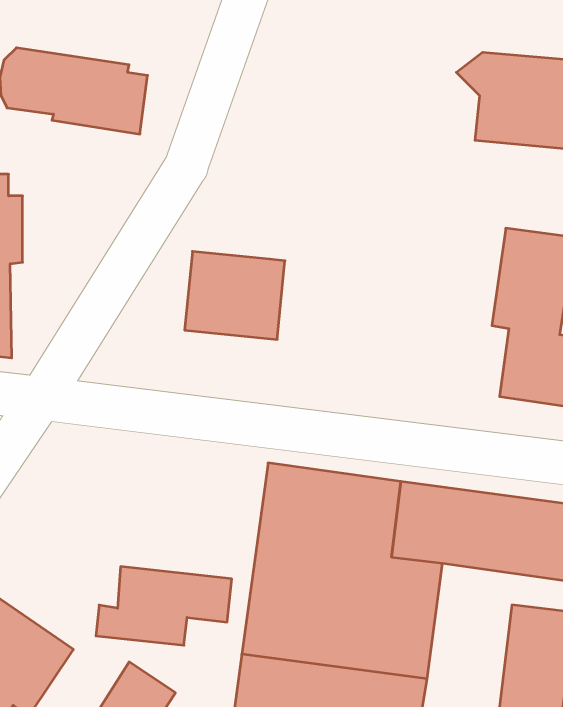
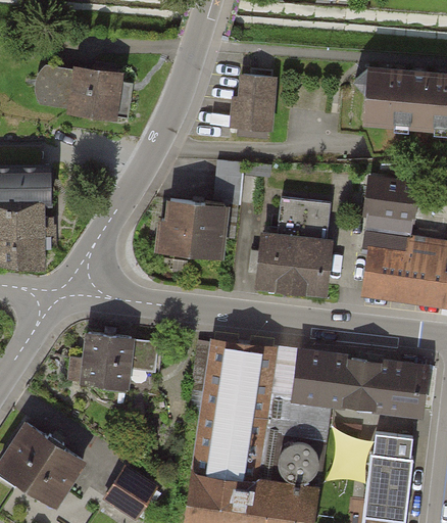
building: none -> [233,76,274,138]
building: none -> [213,161,242,205]
building: none -> [255,197,331,295]
building: [96,567,232,645] -> [69,335,159,387]

